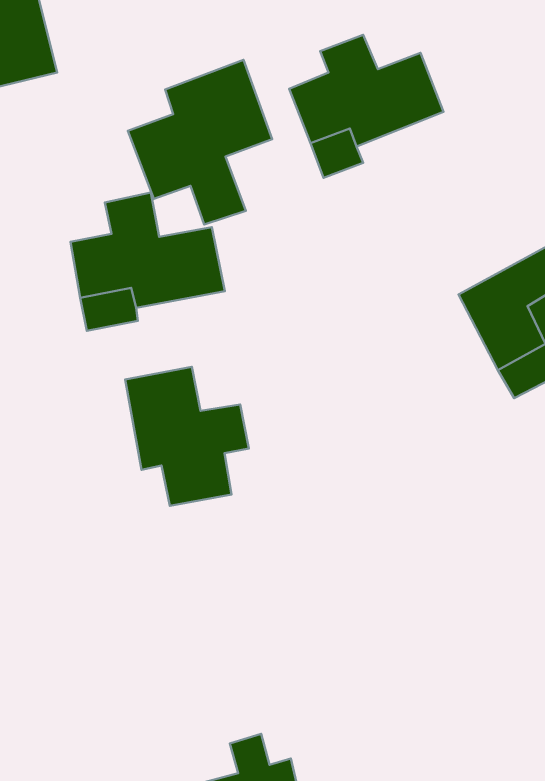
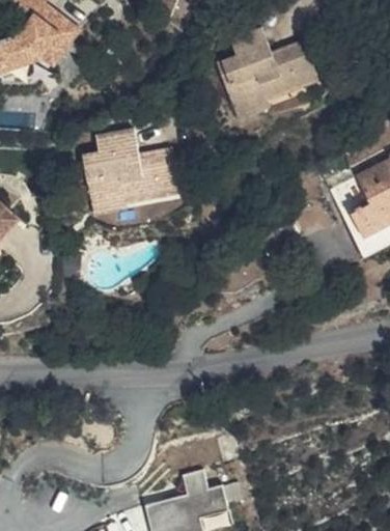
building: [128,60,272,225] -> none
building: [125,367,249,506] -> none

